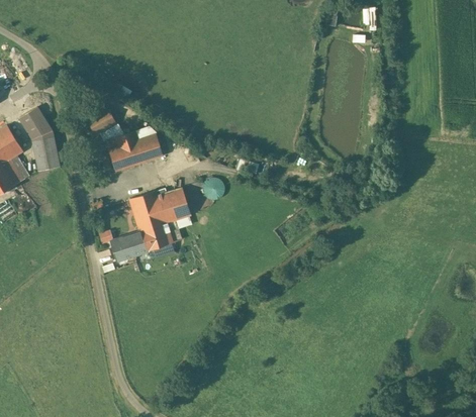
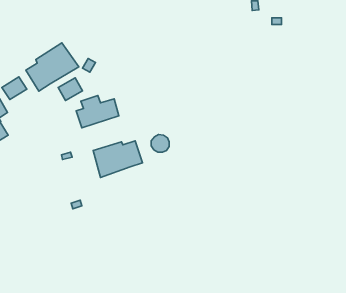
building: none -> [26,43,79,91]
building: [32,136,59,171] -> none
building: [111,219,182,260] -> none

